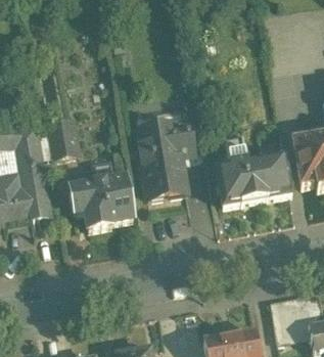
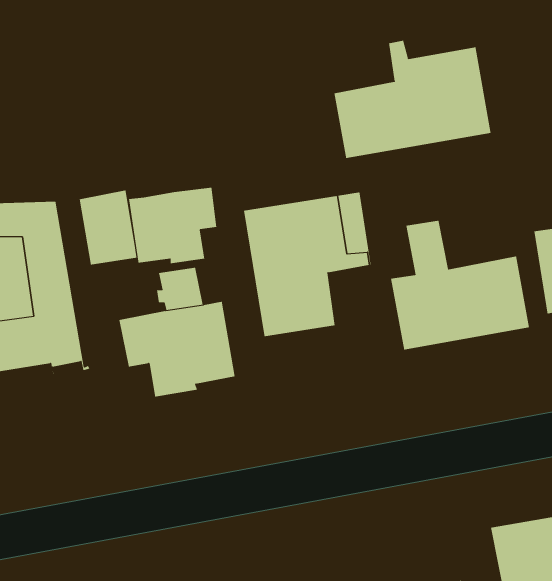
building: none -> [334,40,491,159]
building: none -> [129,187,217,264]

